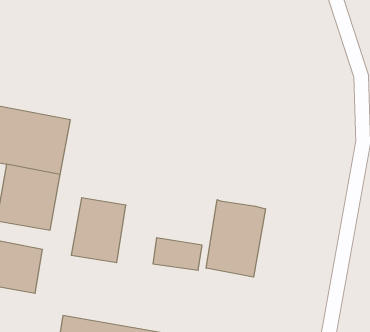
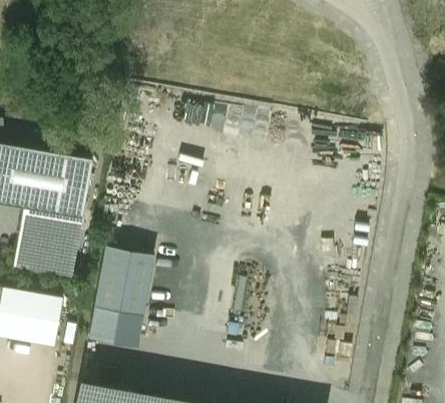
building: [206,200,265,277] -> none
building: [153,238,202,270] -> [89,308,142,343]

